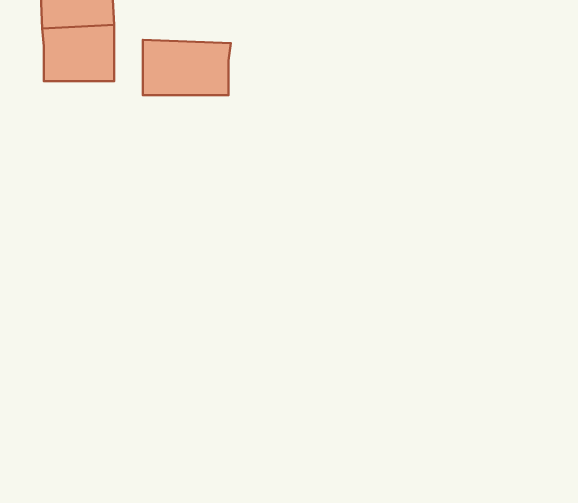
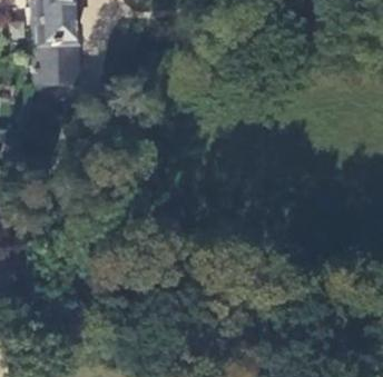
building: [143,40,231,95] -> none

